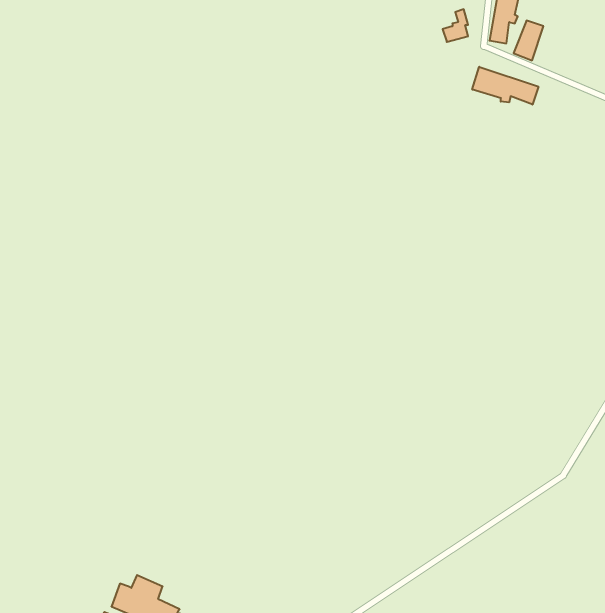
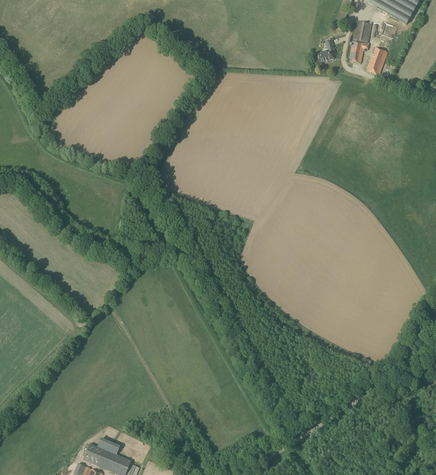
building: [472,67,538,105] -> none

